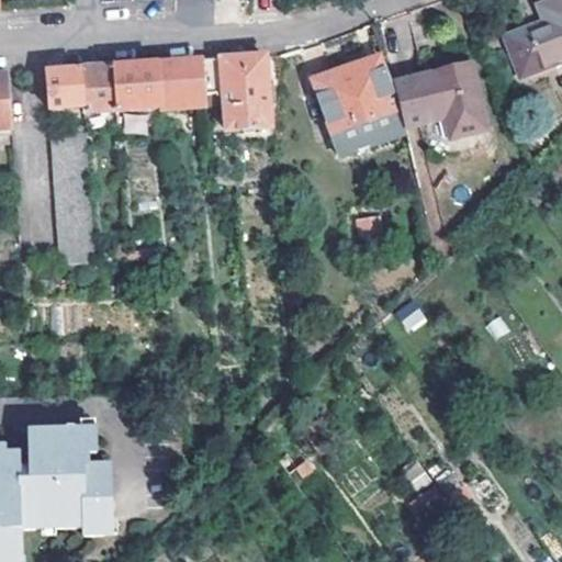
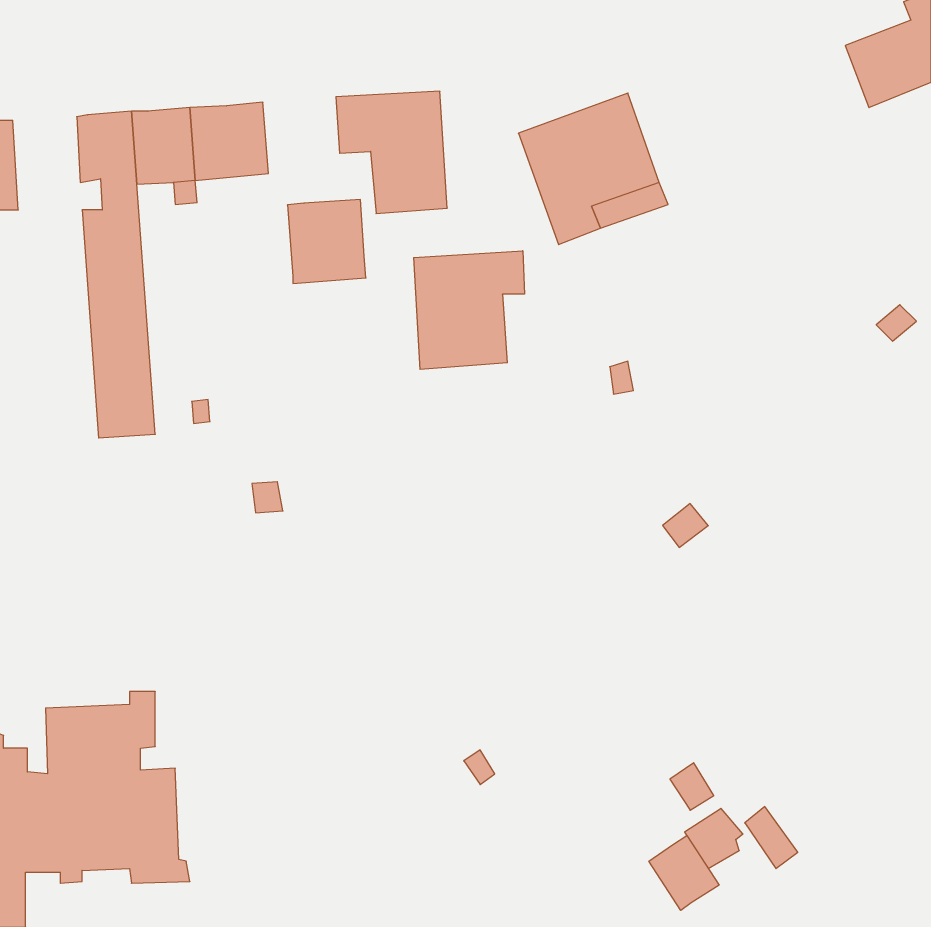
building: [158,58,205,109] -> [287,200,366,283]
building: [393,59,487,134] -> none
building: none -> [414,251,524,369]
building: none -> [649,836,719,910]

